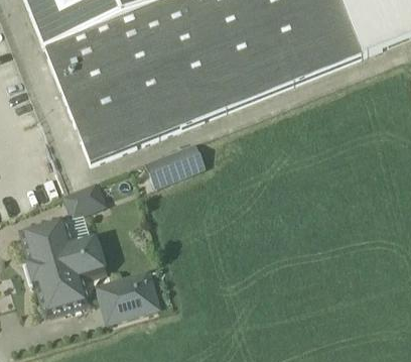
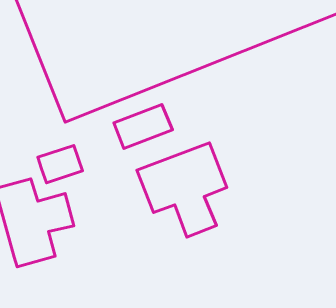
building: none -> [137,143,227,237]
building: [98,272,159,323] -> none

